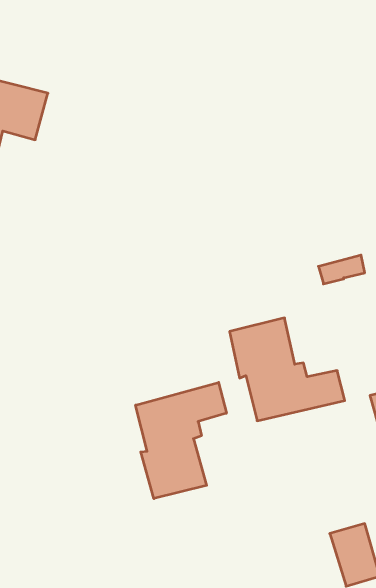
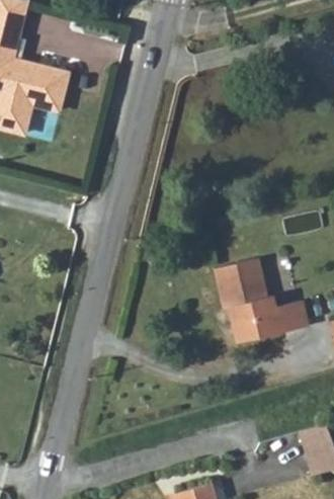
building: [136,382,226,499] -> none

